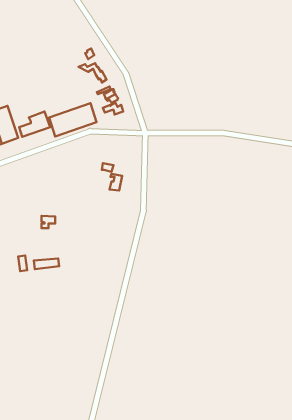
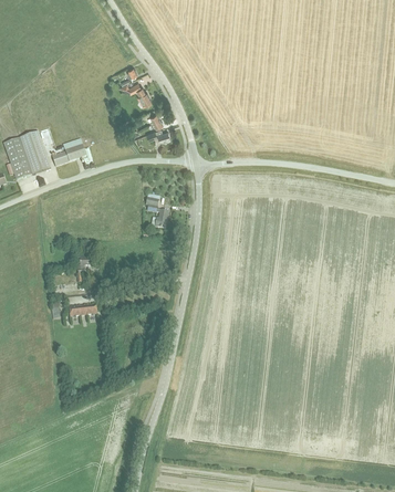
building: [49,103,97,137] -> none

